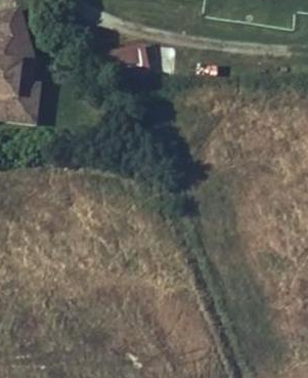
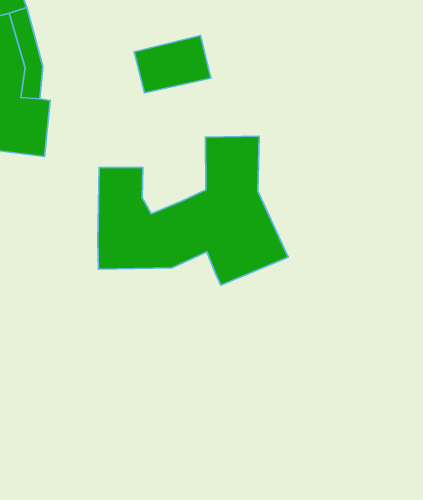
building: none -> [98,136,288,285]

